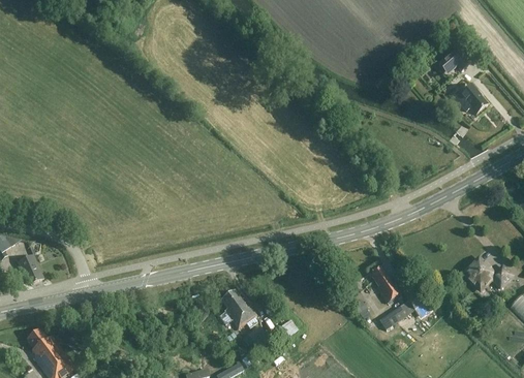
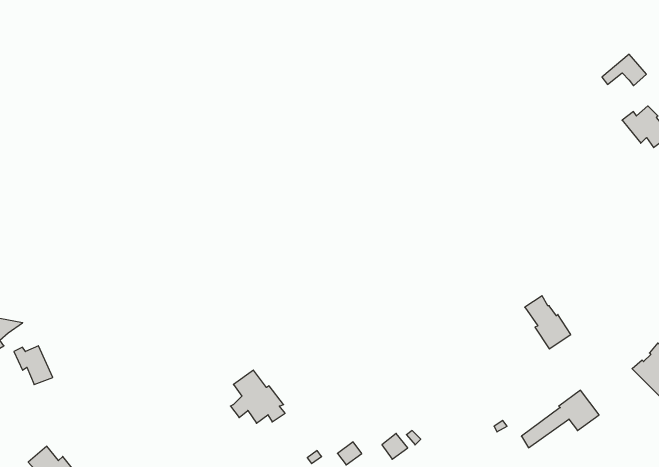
building: [370,264,403,303] -> [525,296,571,349]
building: [219,290,258,328] -> [230,370,285,423]

